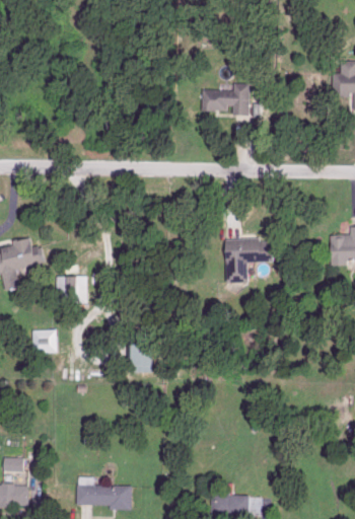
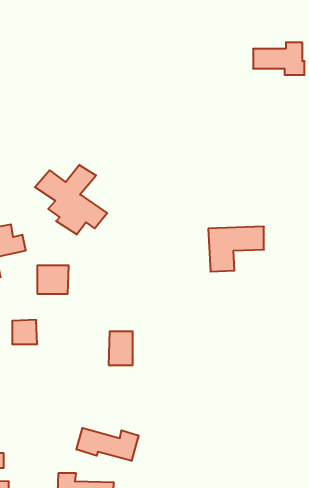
building: [202,83,252,115] -> [253,42,305,75]
building: none -> [35,165,107,235]
building: none -> [76,428,139,461]

